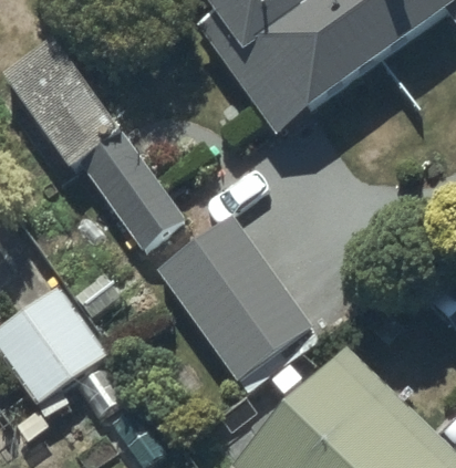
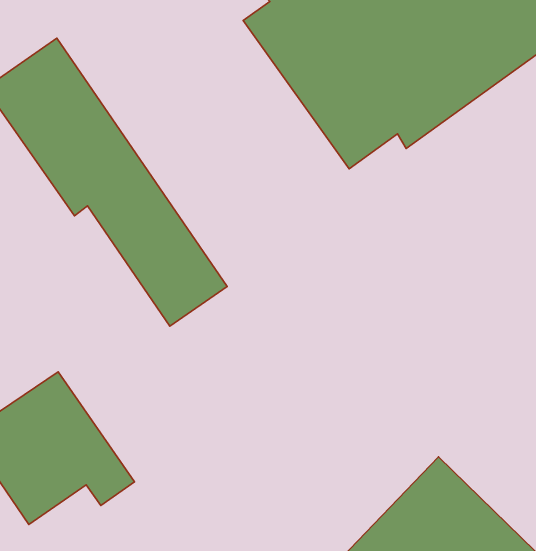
building: [156,214,310,378] -> none

